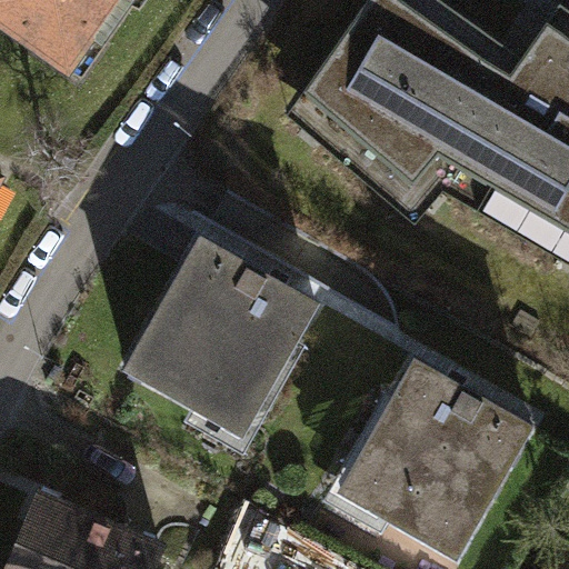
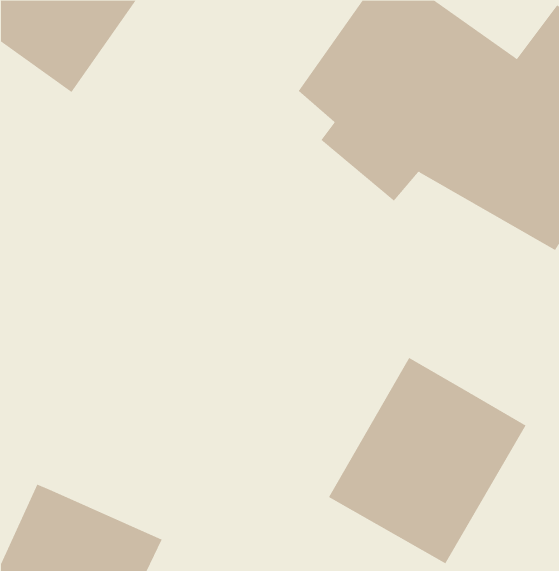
building: [117,230,317,439] -> none

